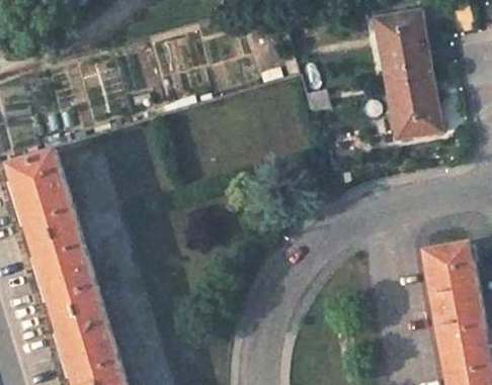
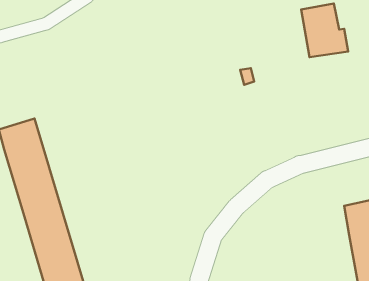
building: [384,71,435,139] -> none

